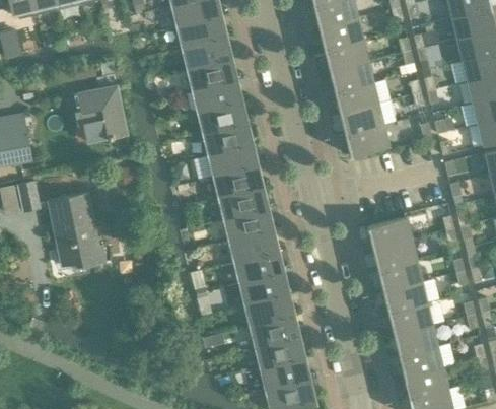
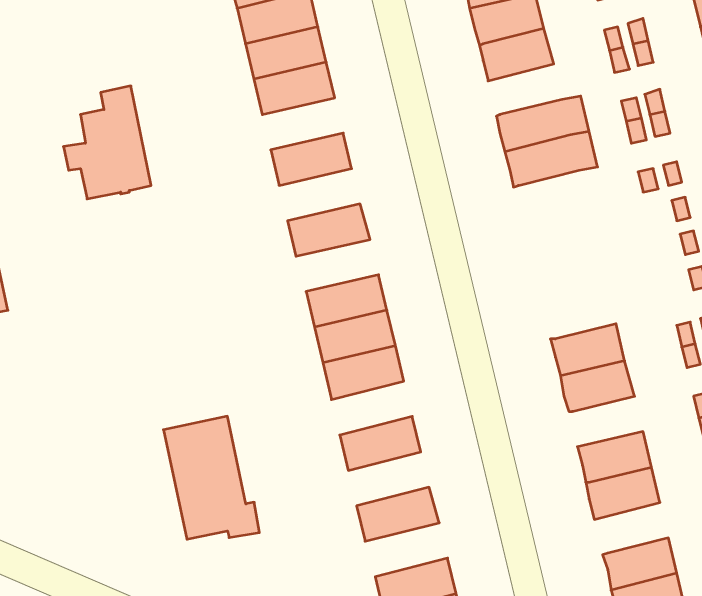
building: [329,60,373,91] -> none
building: [193,80,241,112] -> none
building: [203,123,252,154] -> none
building: [344,124,388,156] -> none
building: [213,165,263,197] -> none
building: [48,192,105,266] -> [163,416,259,539]
building: [234,251,283,283] -> none
building: [377,260,422,290] -> none
building: [244,293,293,326] -> none
building: [393,324,437,355] -> none
building: [255,336,304,368] -> none

